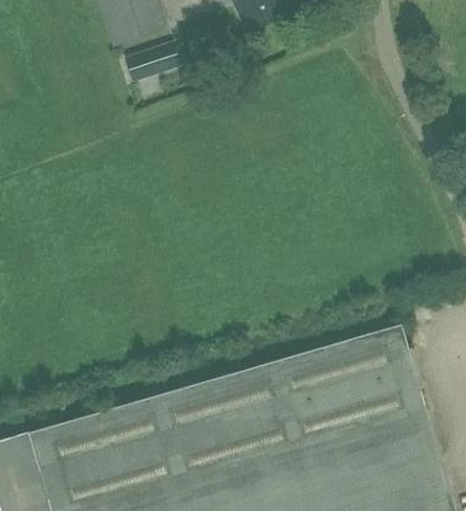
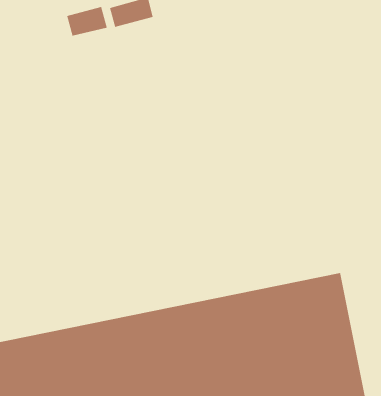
building: none -> [67,6,108,37]

